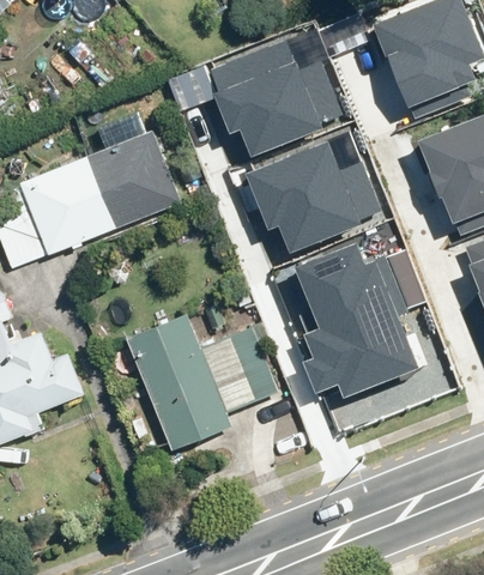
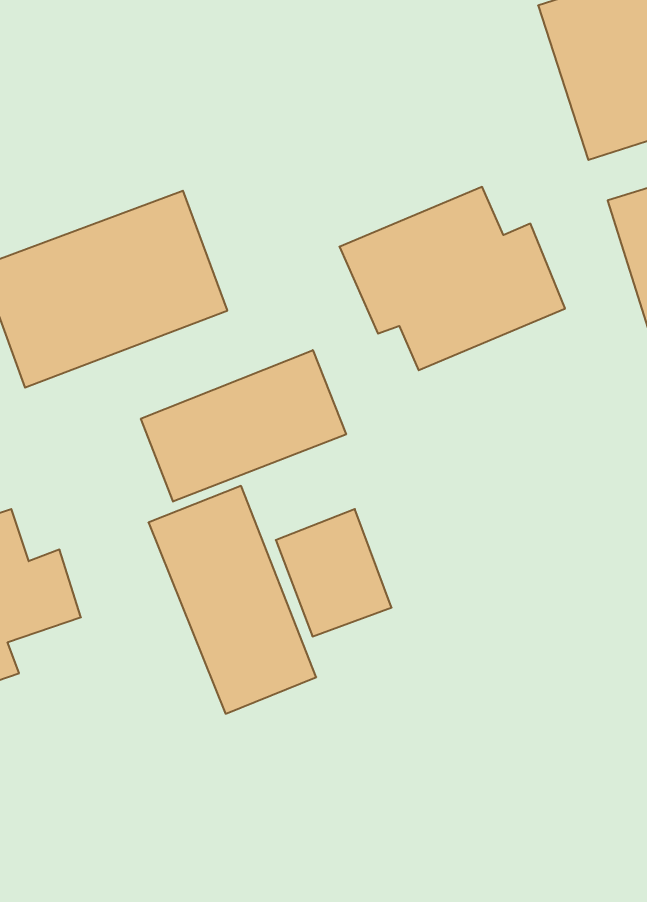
building: [205,36,344,150] -> none
building: none -> [141,350,346,502]
building: [294,241,426,397] -> none

